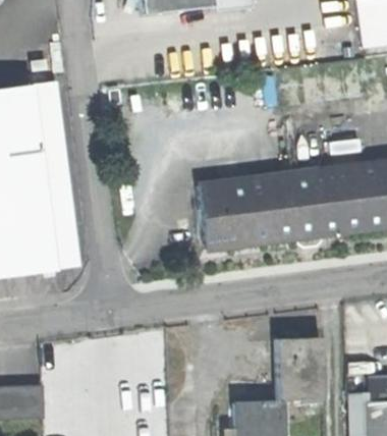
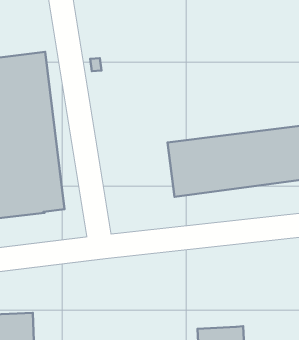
building: [277,338,325,401] -> none

